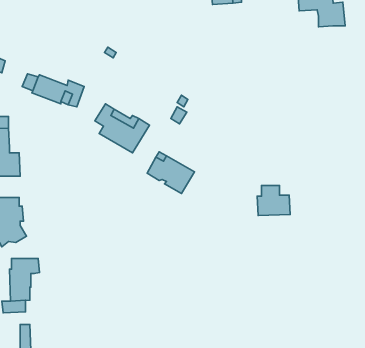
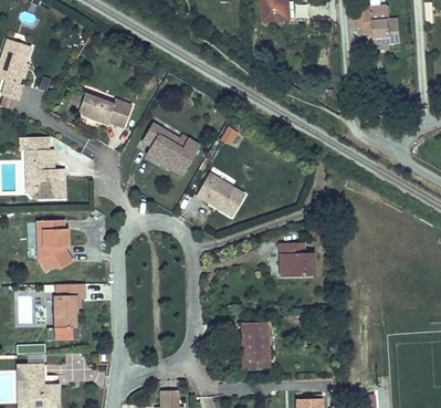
building: [257,186,290,216] -> [280,244,314,275]
building: none -> [242,323,269,367]

